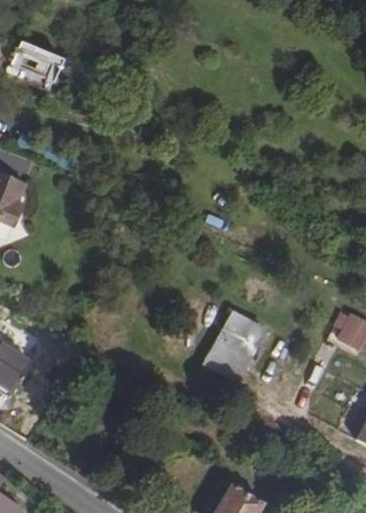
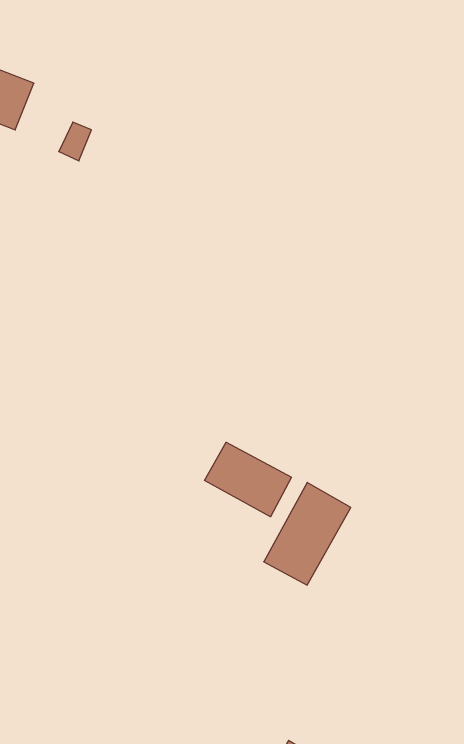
building: none -> [205,442,291,517]

